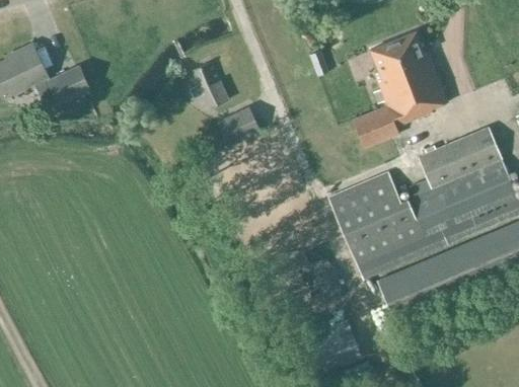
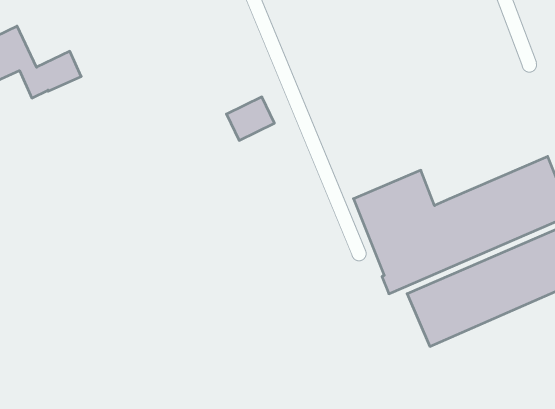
building: [352,30,448,147] -> none
building: [189,60,228,106] -> none
building: [410,125,502,196] -> none

